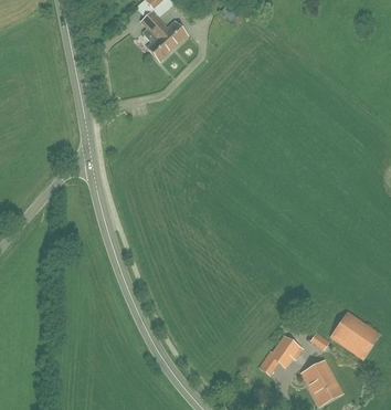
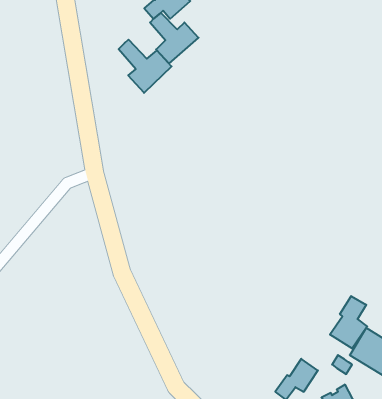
building: none -> [119,40,172,93]
building: none -> [330,296,367,349]

